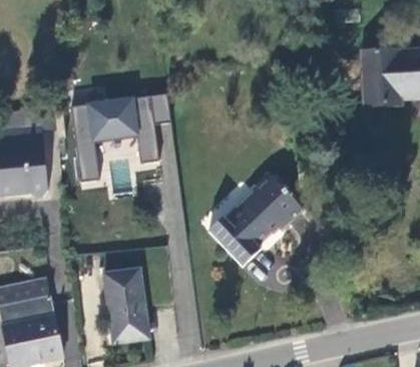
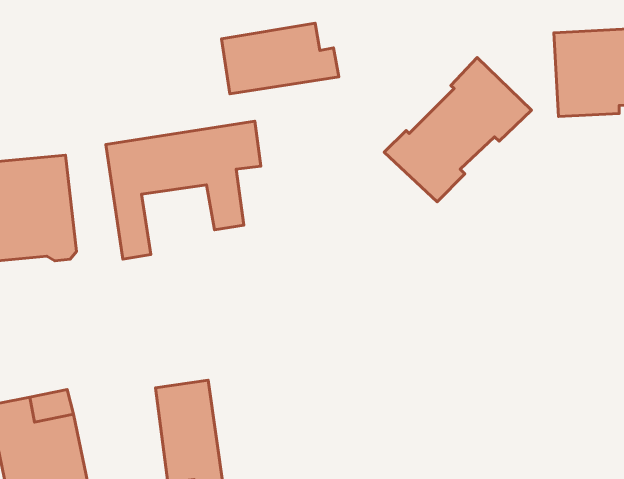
building: none -> [221,23,339,94]
building: [208,171,304,265] -> [384,58,532,202]

